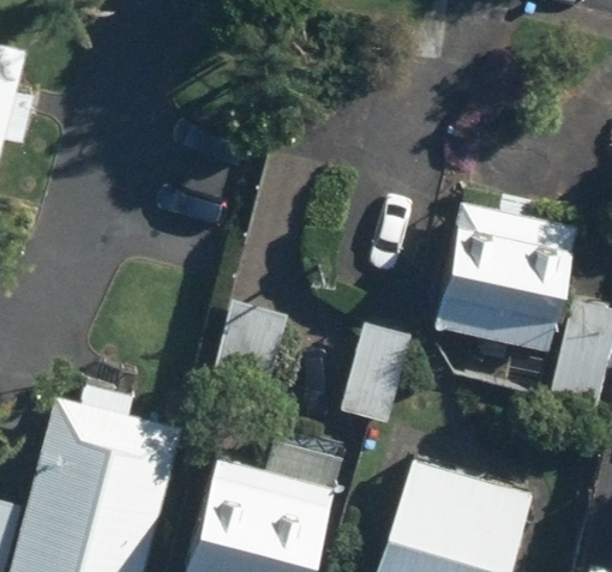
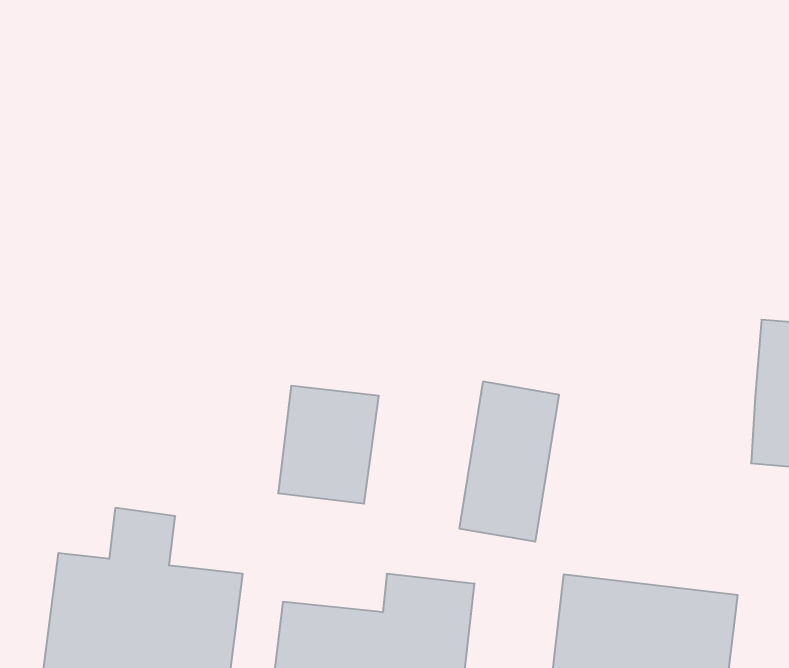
building: [436,205,577,351] -> none

